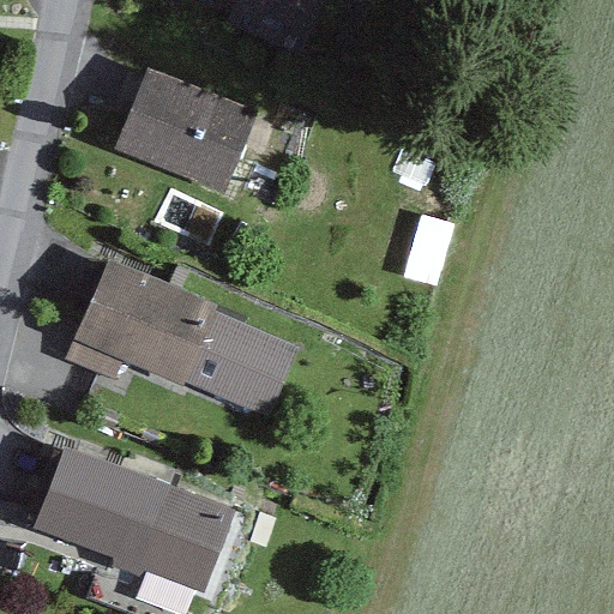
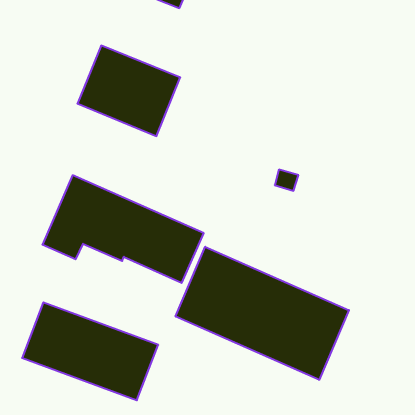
building: none -> [176,247,349,380]

